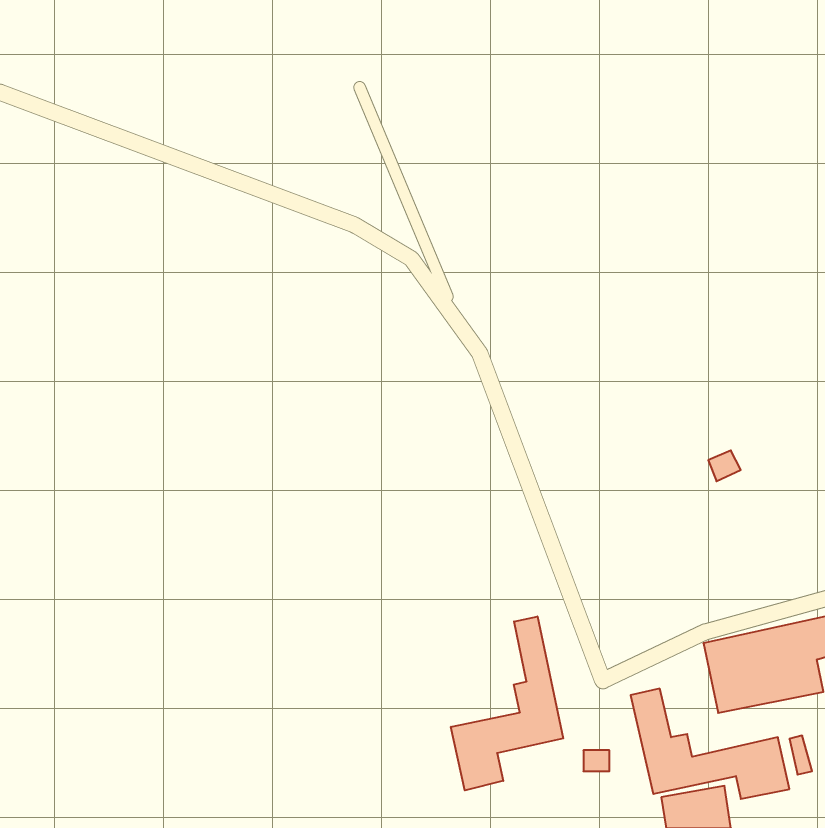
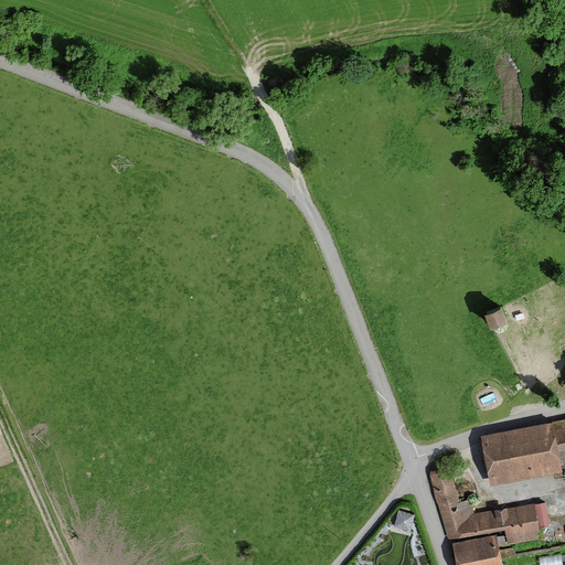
building: [451,616,563,790] -> none

